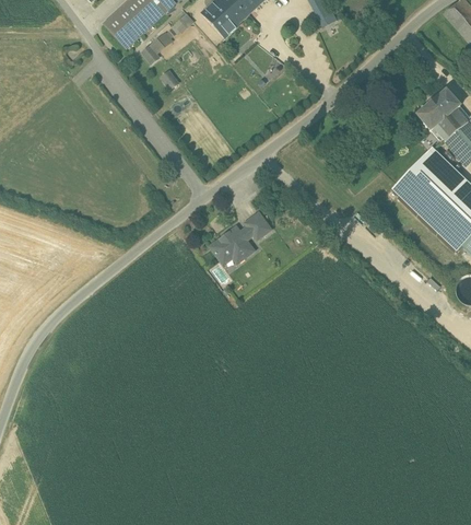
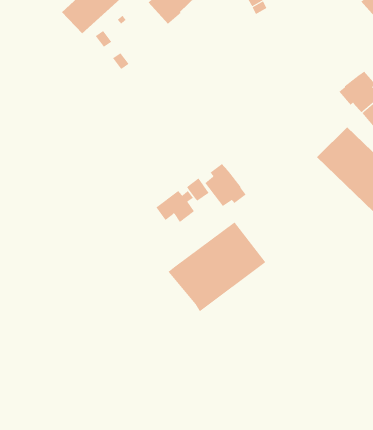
building: none -> [205,163,247,207]
building: none -> [168,221,266,312]

